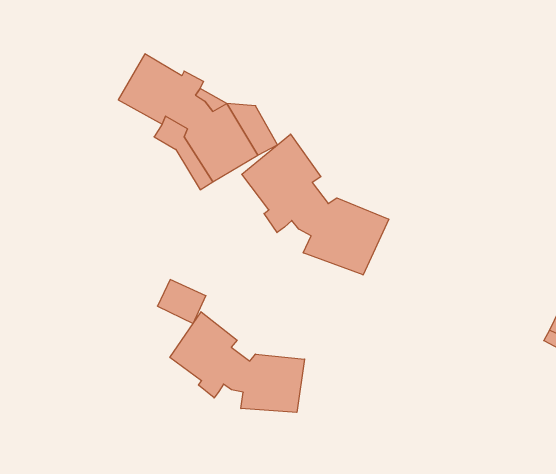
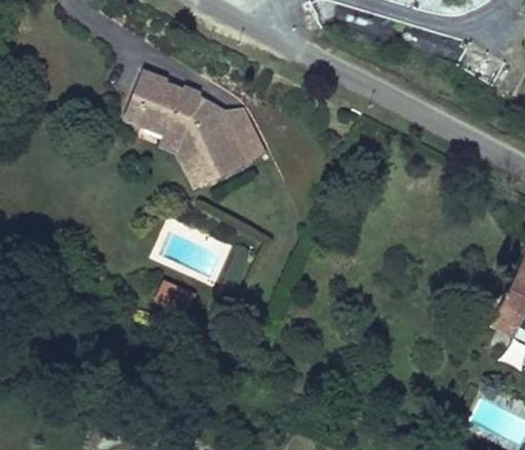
building: [242,134,389,275] -> none
building: [170,312,305,412] -> none

